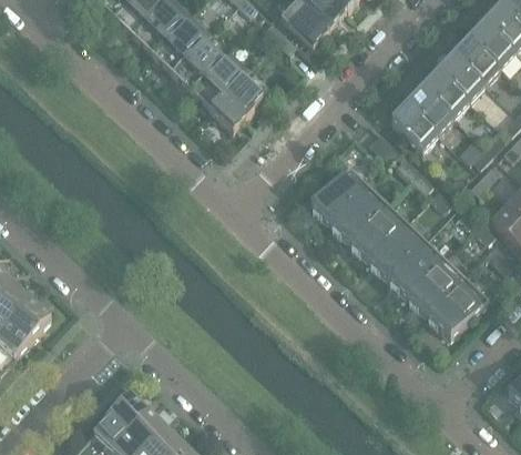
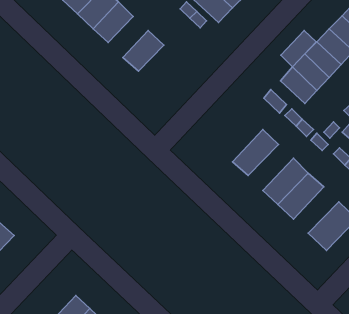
building: [171,37,222,89] -> none
building: none -> [281,30,316,67]
building: [210,73,262,129] -> none
building: [309,162,368,222] -> none
building: [349,200,407,259] -> none
building: [407,254,464,313] -> none

